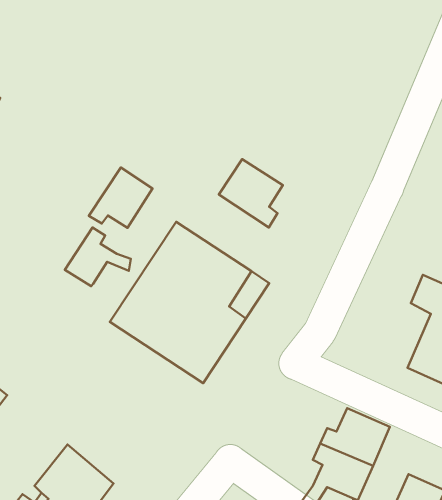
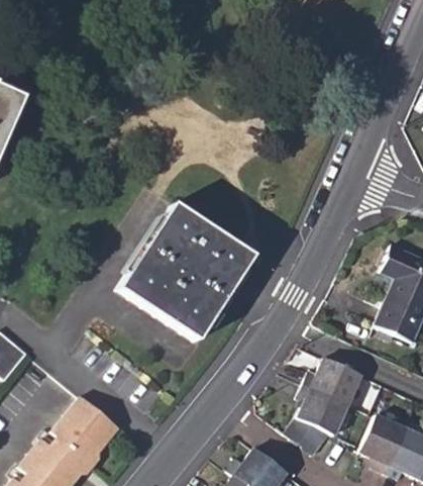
building: [219,159,283,227] -> none
building: [89,168,153,228] -> none
building: [65,228,131,286] -> none

